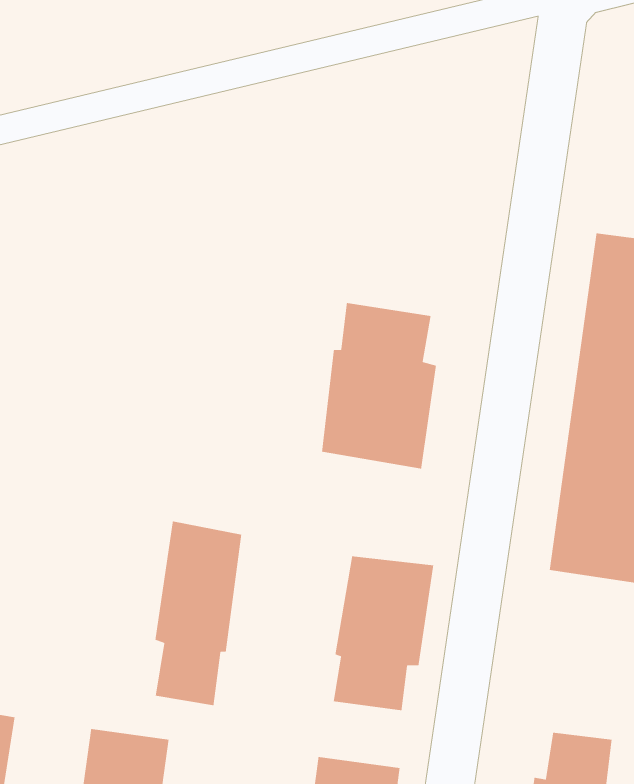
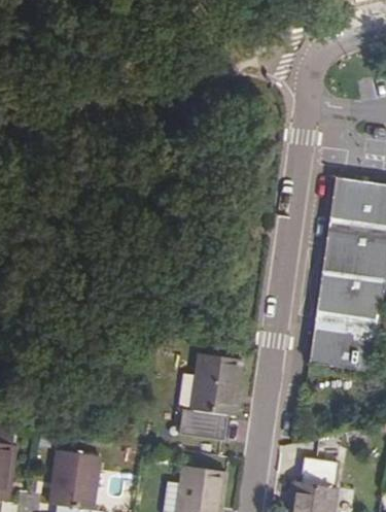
building: [321,302,437,470] -> none
building: [154,521,242,706] -> none

